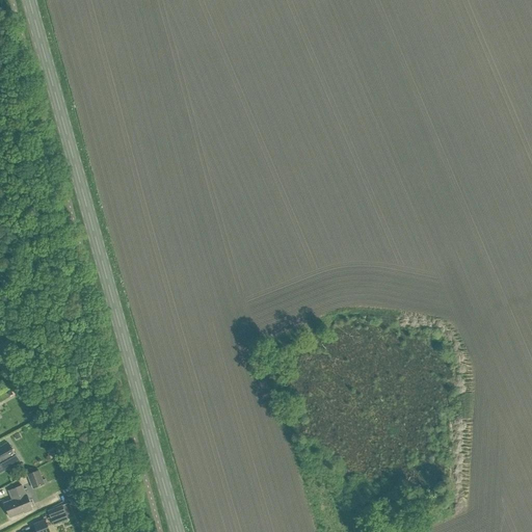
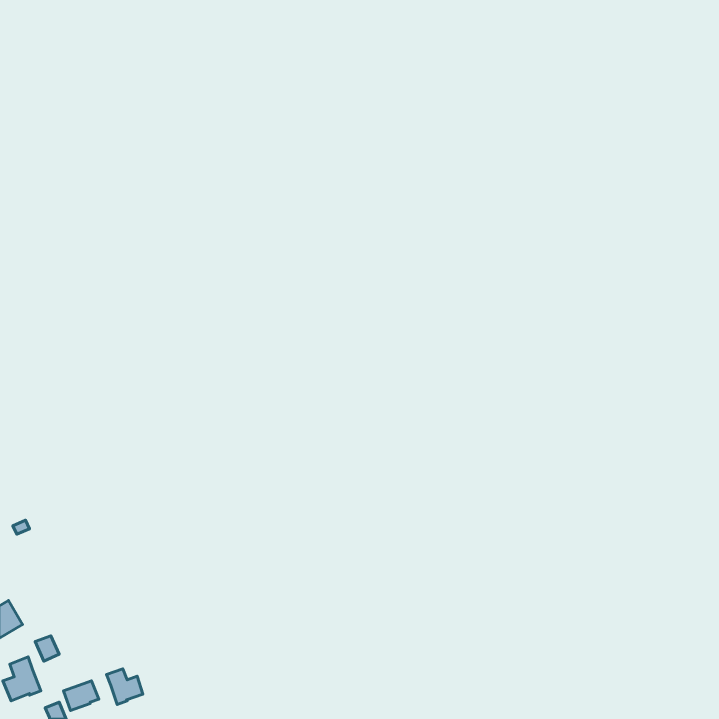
building: none -> [107,669,143,704]

